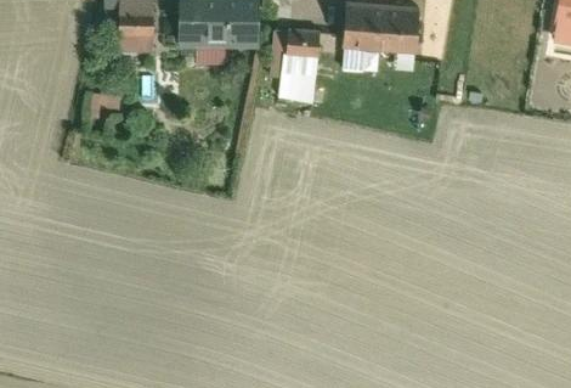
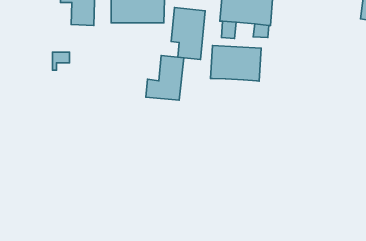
building: none -> [211,45,261,81]
building: none -> [146,55,184,100]

